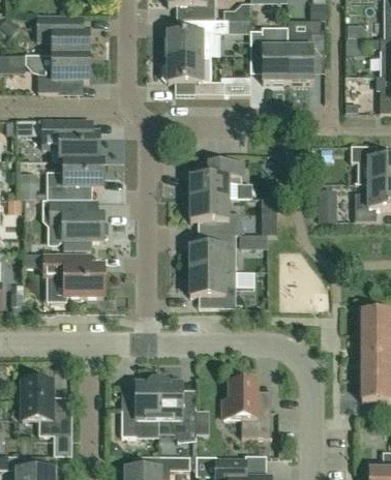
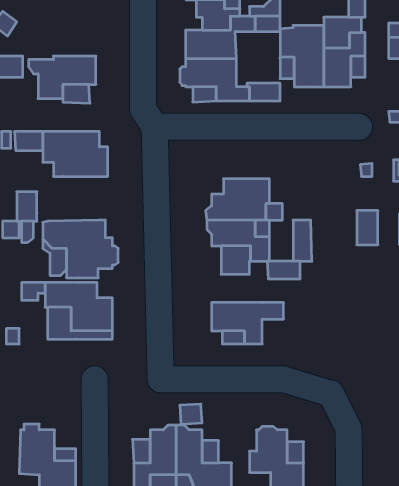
building: [38,16,89,55] -> none
building: [47,160,103,200] -> none
building: [190,235,235,271] -> none

